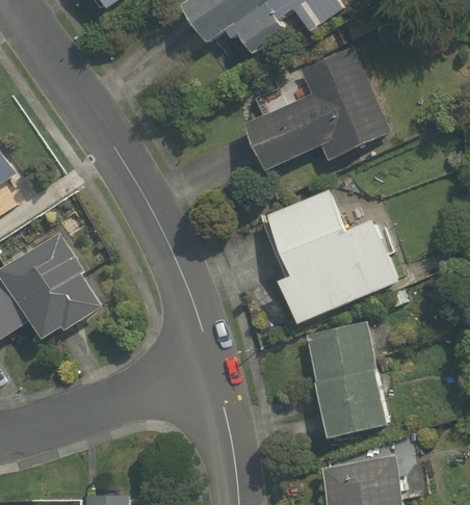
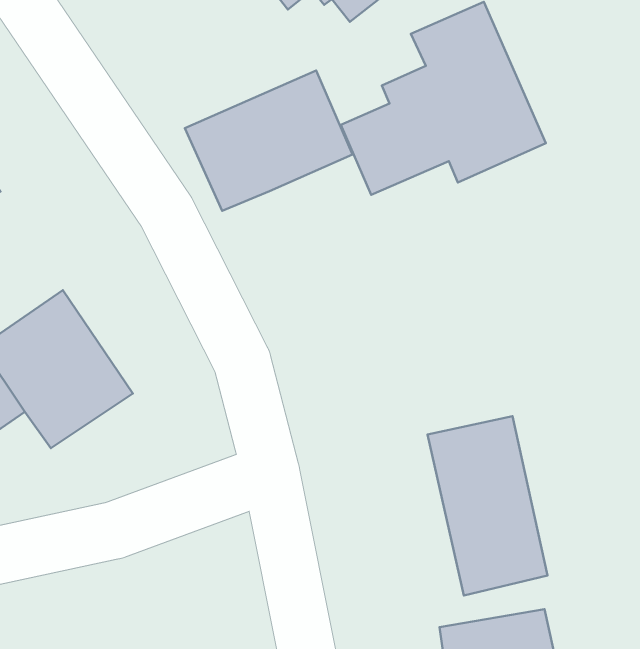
building: none -> [185,70,353,211]
building: [267,185,396,327] -> none

